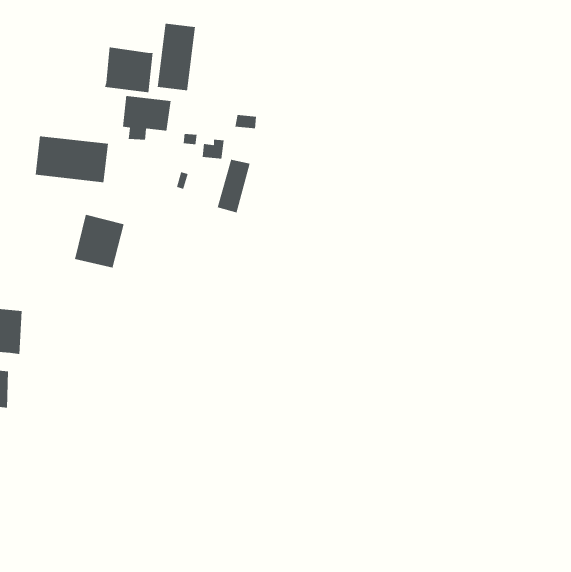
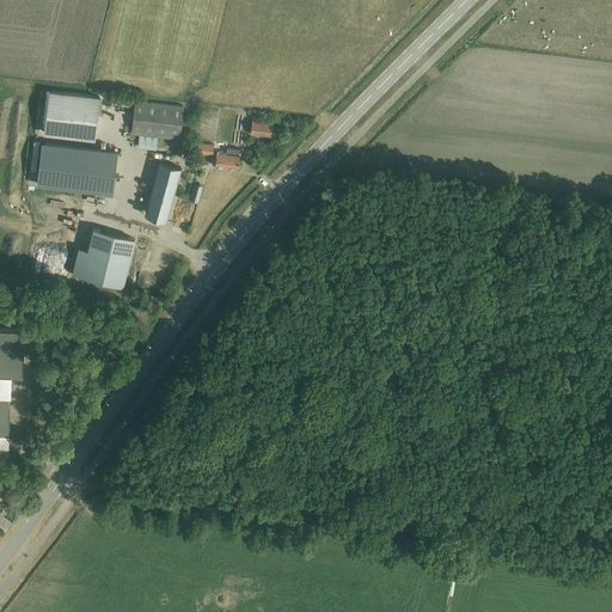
building: [157,23,195,91] -> none
building: [104,47,154,93] -> [44,92,97,141]
building: [217,159,251,213] -> [143,165,179,222]

